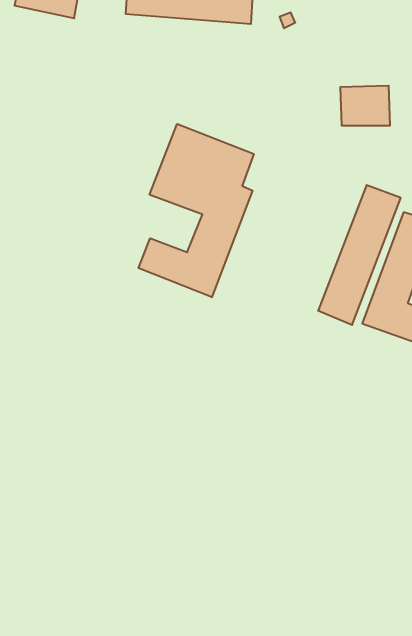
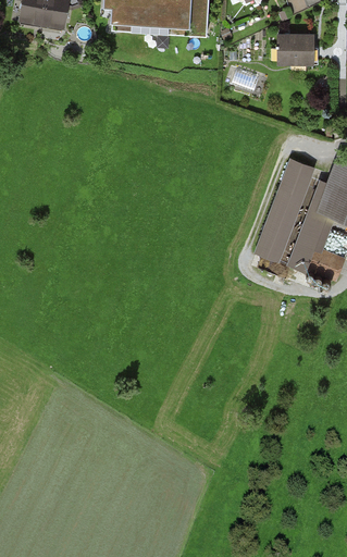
building: [340,86,390,126] -> [275,33,313,63]
building: [139,124,254,297] -> none

